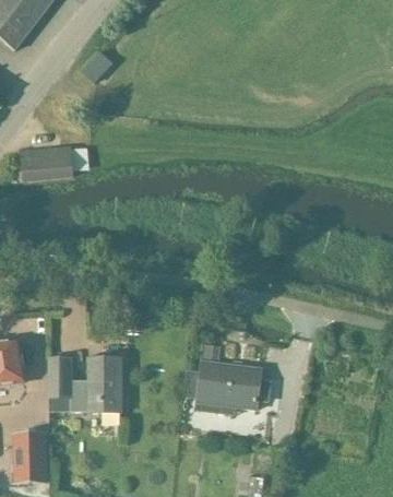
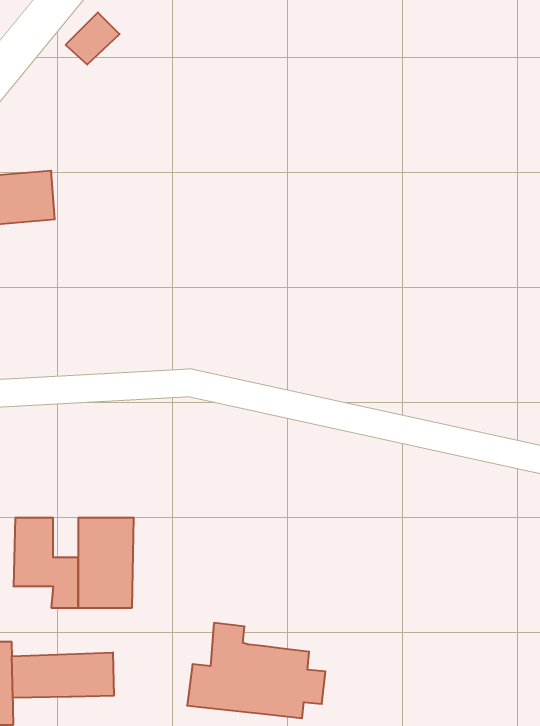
building: [184,351,269,409] -> [187,623,325,718]
building: none -> [12,652,114,698]

